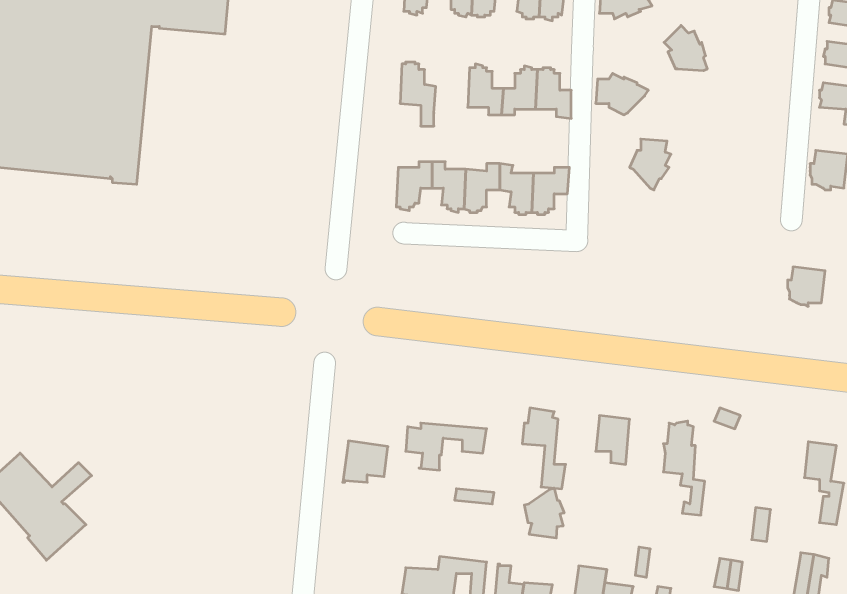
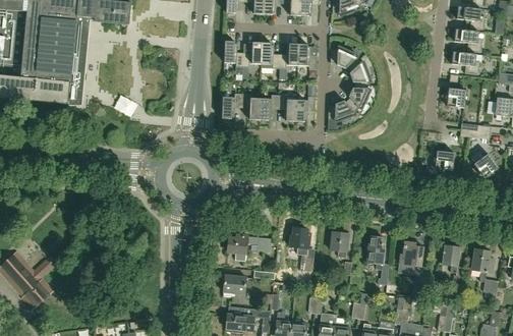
building: [664,25,707,71] -> [347,58,370,82]
building: none -> [242,41,262,74]
building: none -> [328,98,359,122]
building: none -> [400,241,422,267]
building: [343,441,388,482] -> [222,274,246,296]
building: [524,488,564,538] -> none

